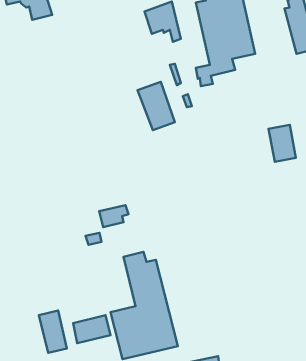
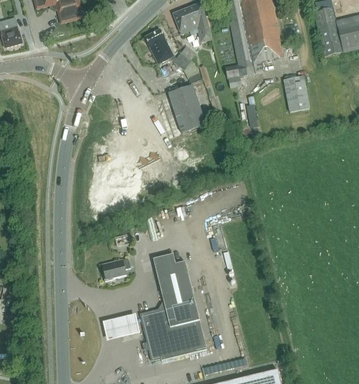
building: none -> [143,28,190,69]
building: [269,125,296,162] -> [282,75,309,112]
building: [99,205,128,227] -> [101,257,130,279]
building: [39,310,67,353] -> none

